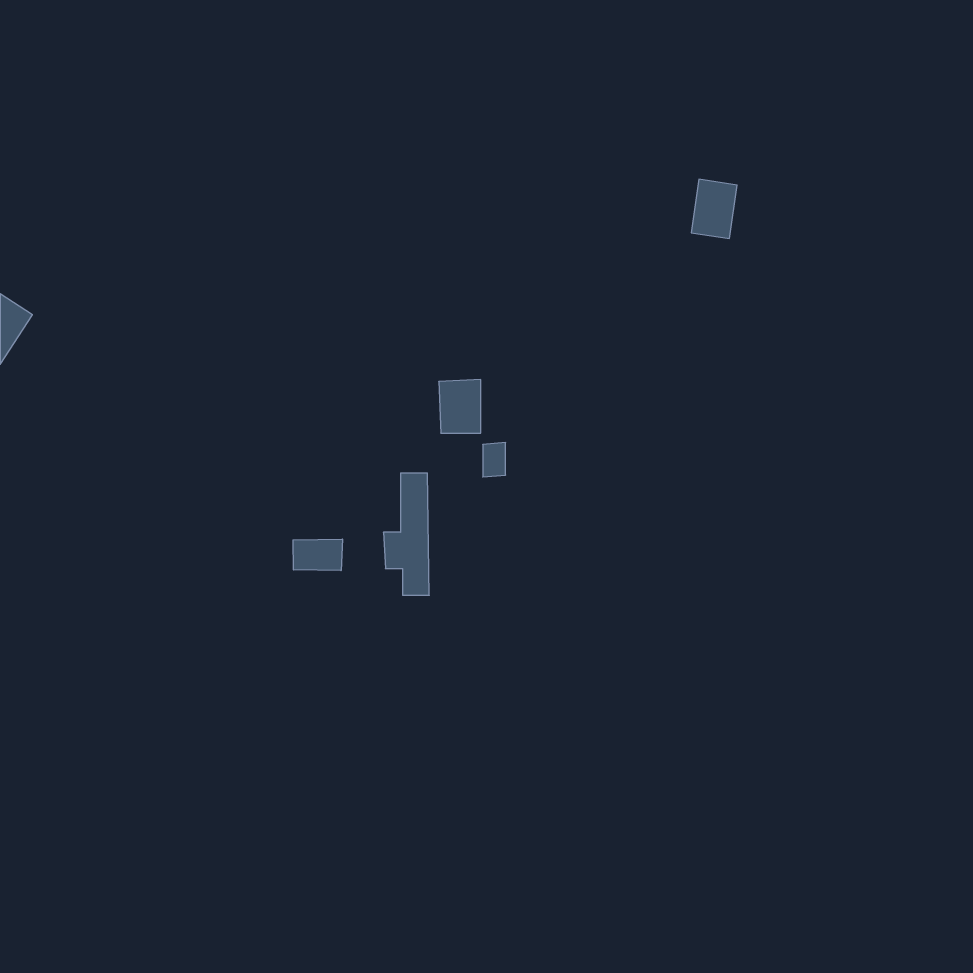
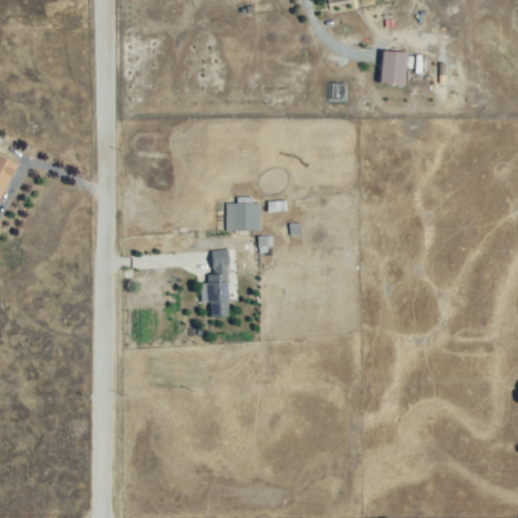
building: [691,179,737,238] -> [382,52,407,83]
building: [293,539,342,571] -> none

